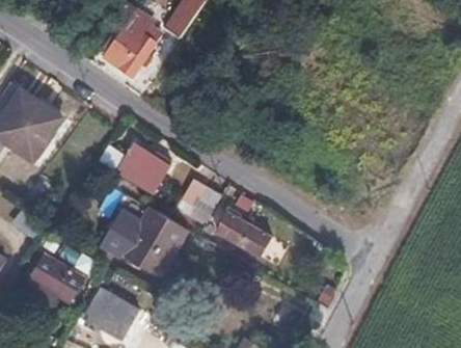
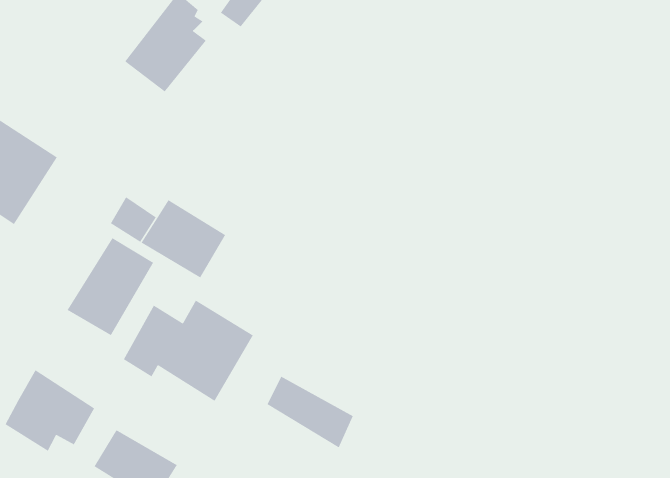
building: none -> [66,237,154,336]
building: [173,179,221,225] -> none
building: [218,210,274,257] -> [266,375,354,448]

